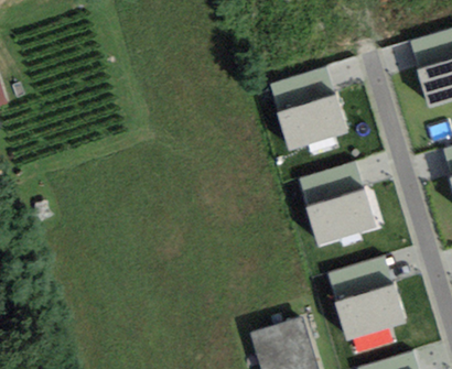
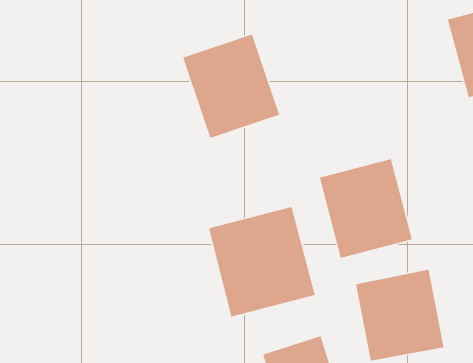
building: [268,63,354,155] -> [182,33,280,139]
building: none -> [208,206,316,318]

